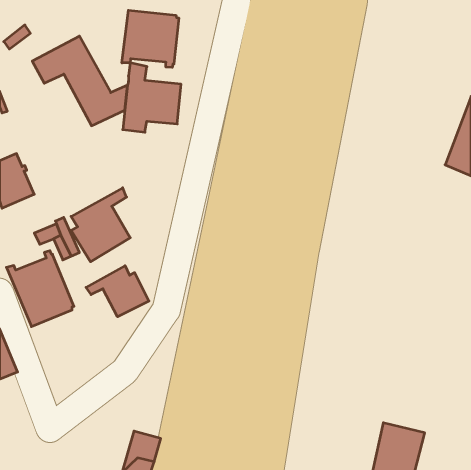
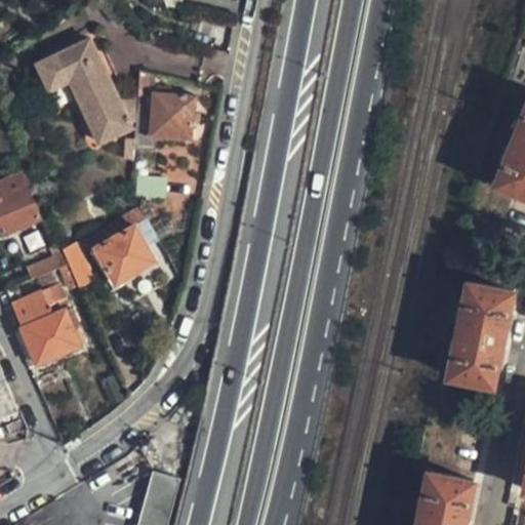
building: [122,10,179,67] -> none
building: none -> [447,283,512,386]
building: [86,266,149,317] -> none

